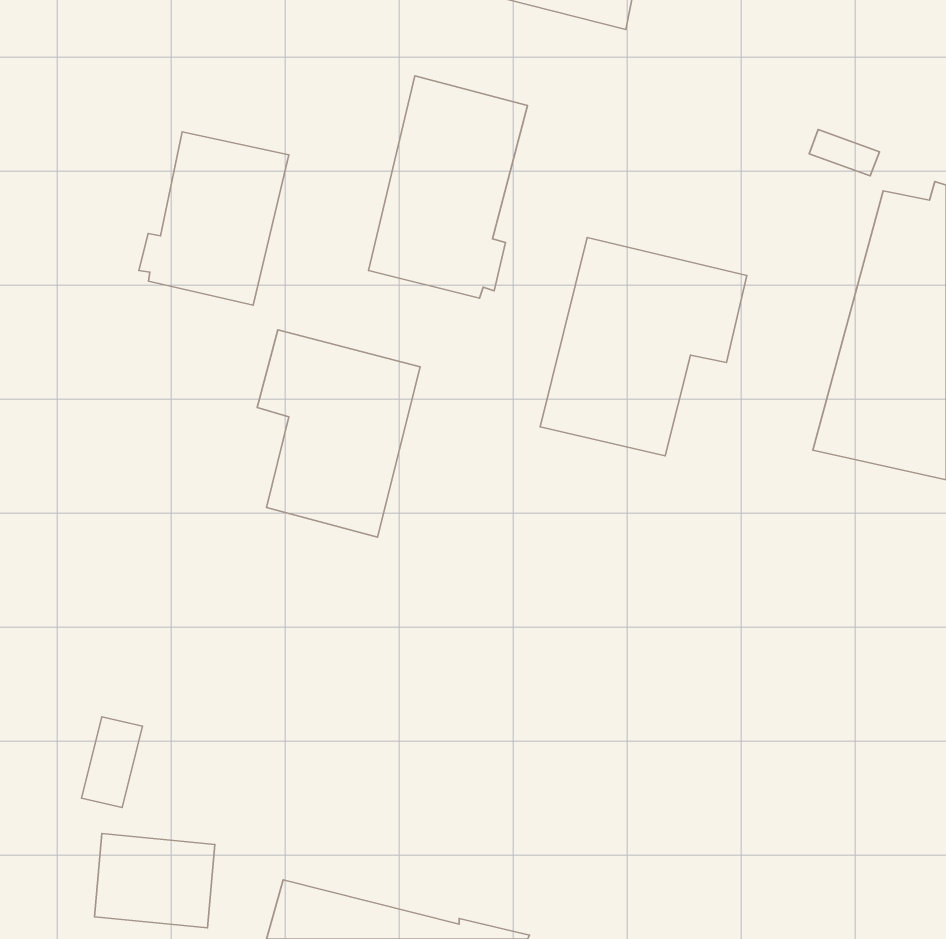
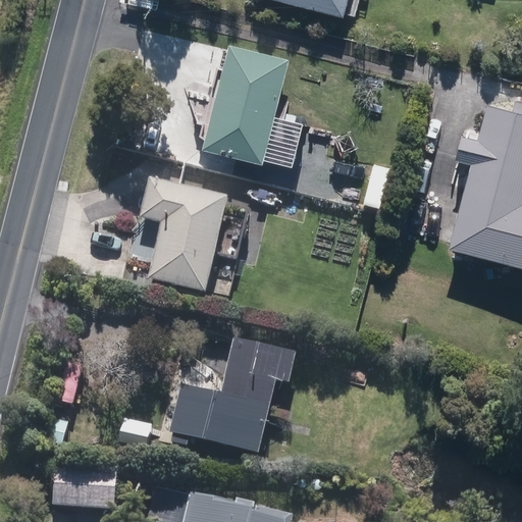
building: [139,132,289,305] -> none
building: [540,238,747,456] -> none
building: none -> [169,338,303,456]

